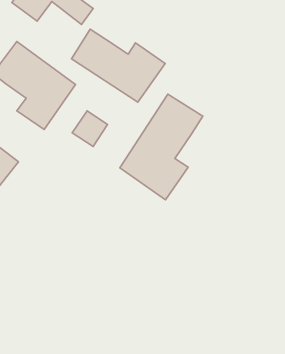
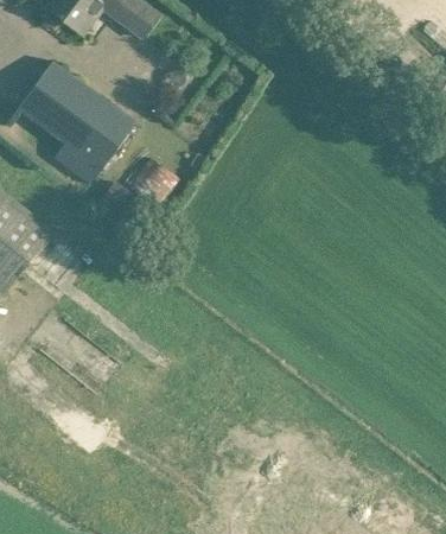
building: [72,29,165,102] -> none
building: [120,94,203,200] -> none

